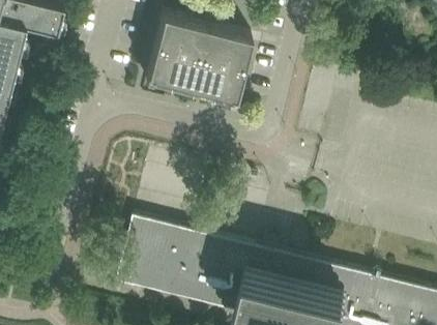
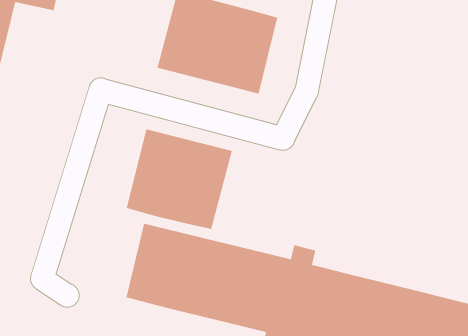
building: none -> [126,128,233,230]

